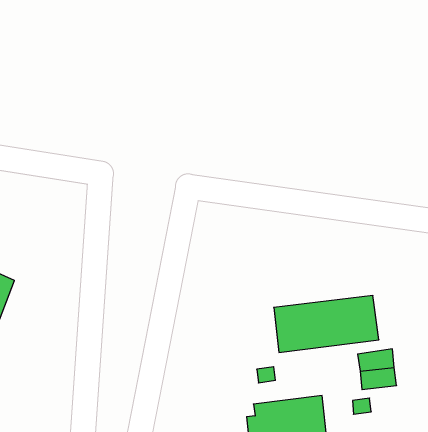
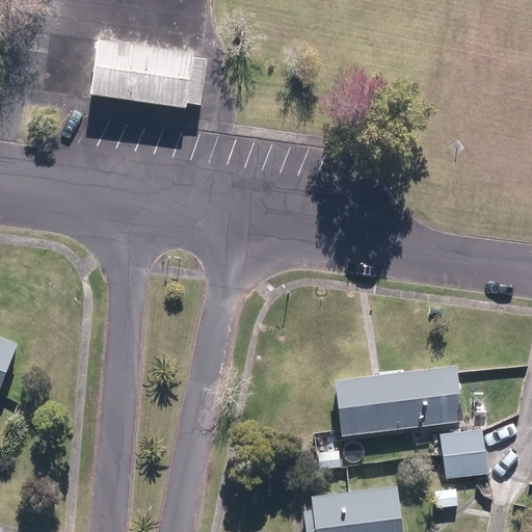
building: none -> [92,42,206,109]

